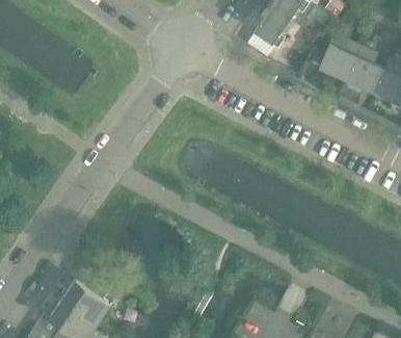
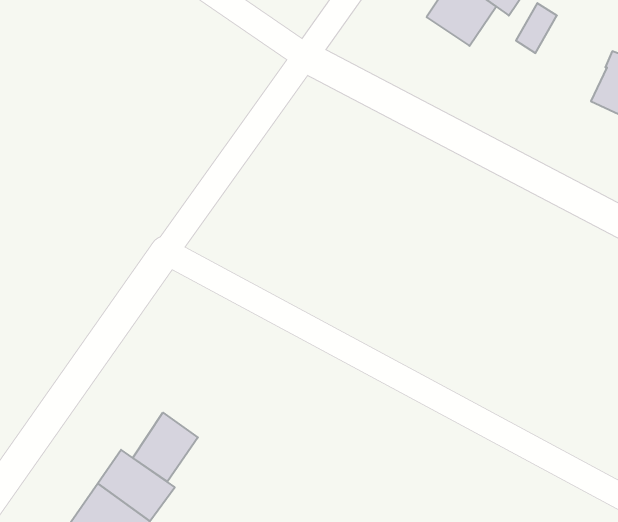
building: [316,36,354,79] -> none
building: none -> [133,413,198,481]

